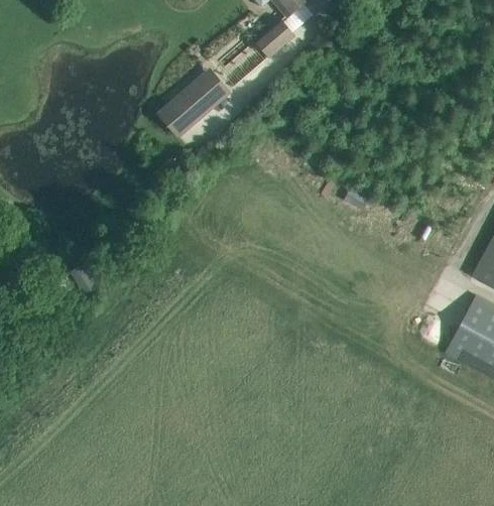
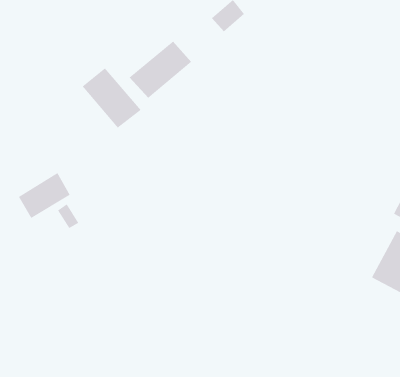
building: none -> [82,68,142,129]
building: none -> [18,172,70,219]

